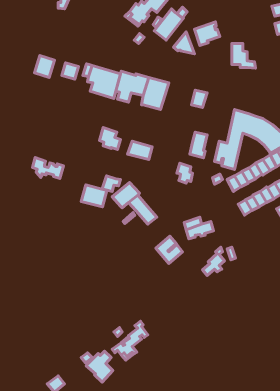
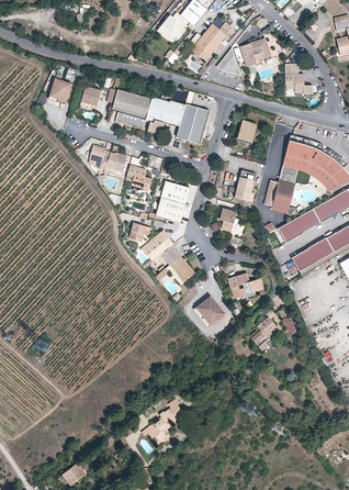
building: [33,157,64,178] -> [90,146,127,171]
building: [81,185,107,207] -> [155,197,185,223]
building: [86,351,113,382] -> none

